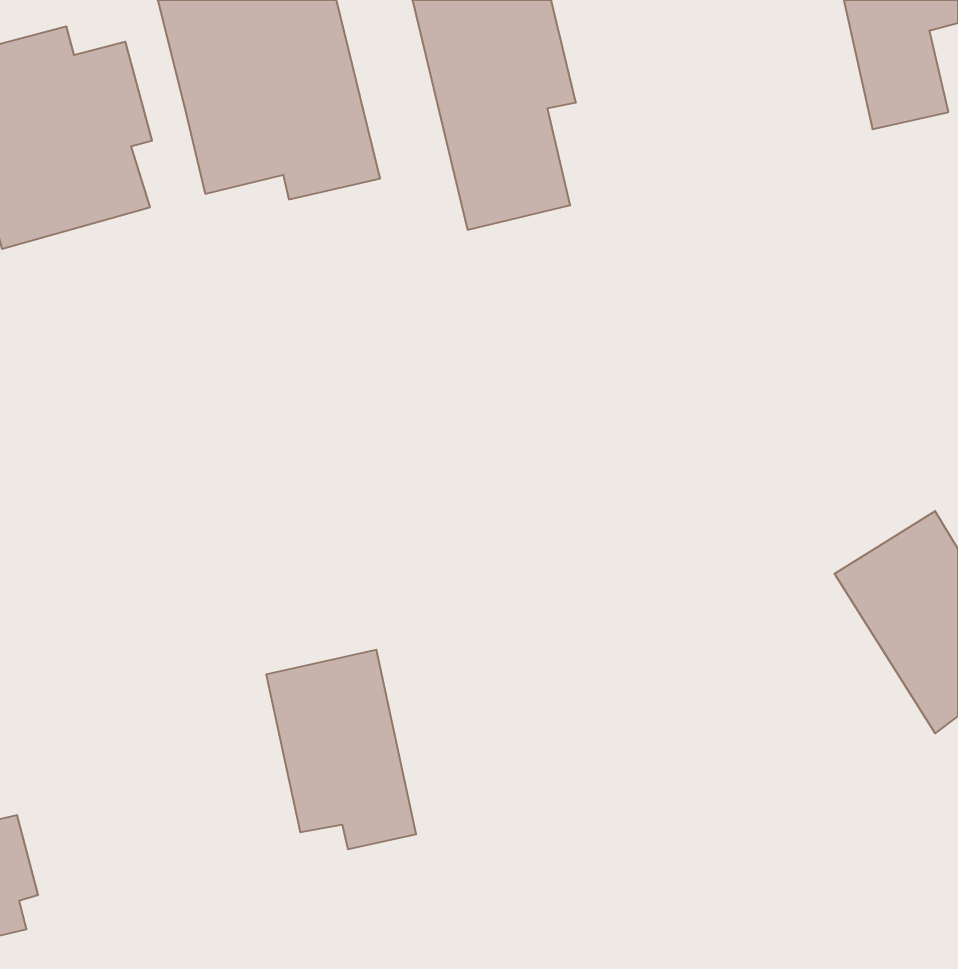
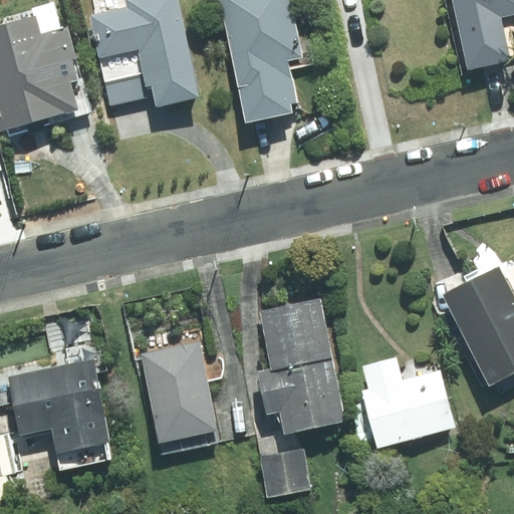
building: none -> [256,294,347,437]
building: none -> [361,354,455,449]
building: none -> [7,357,113,456]
building: none -> [258,445,315,499]

